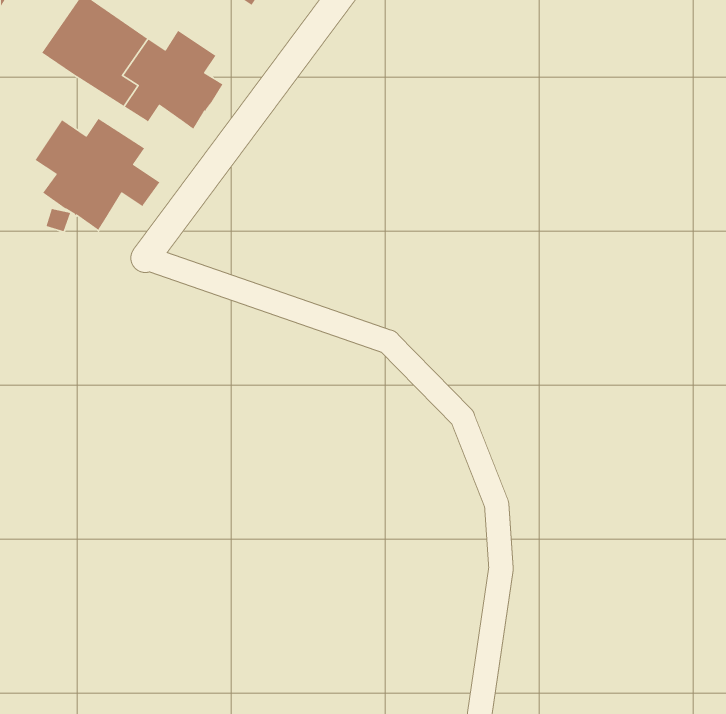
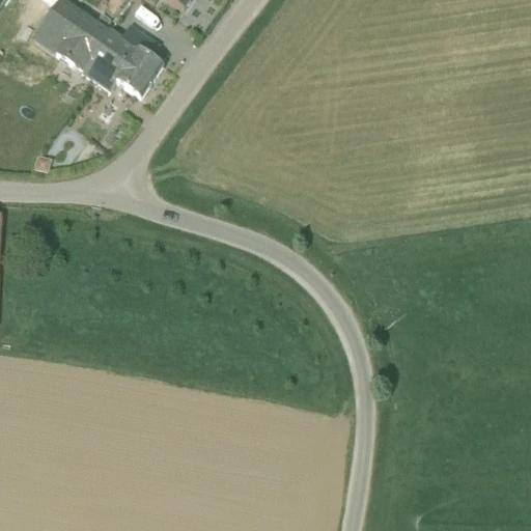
building: [35,118,161,231] -> none

